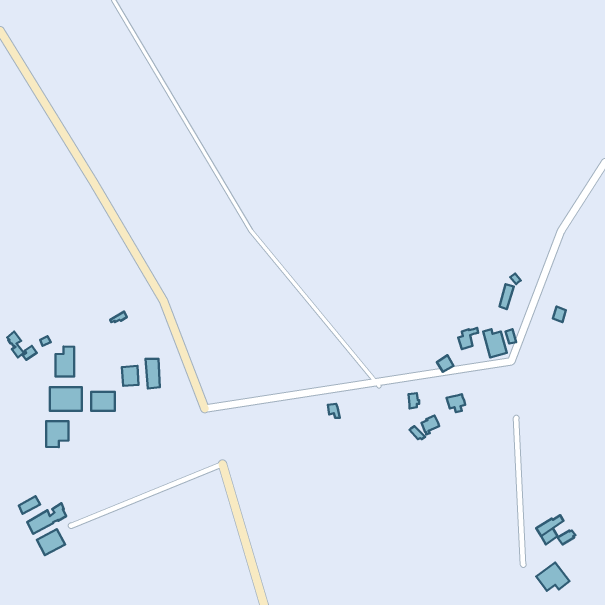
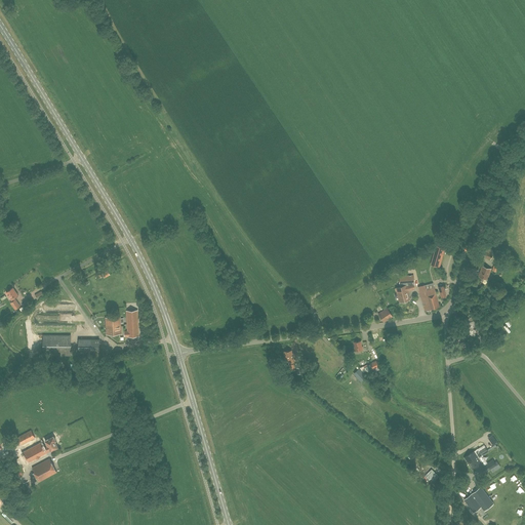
building: [56,347,74,376] -> none
building: [46,421,68,447] -> none

